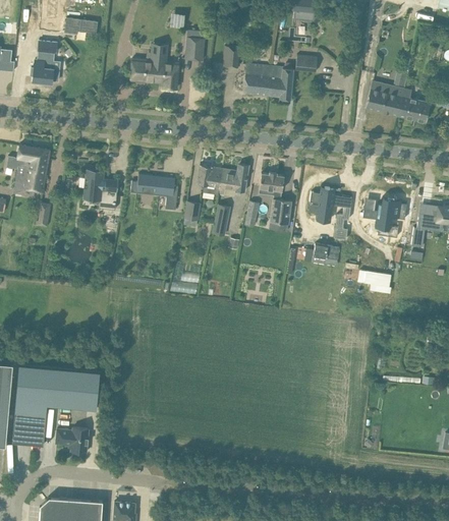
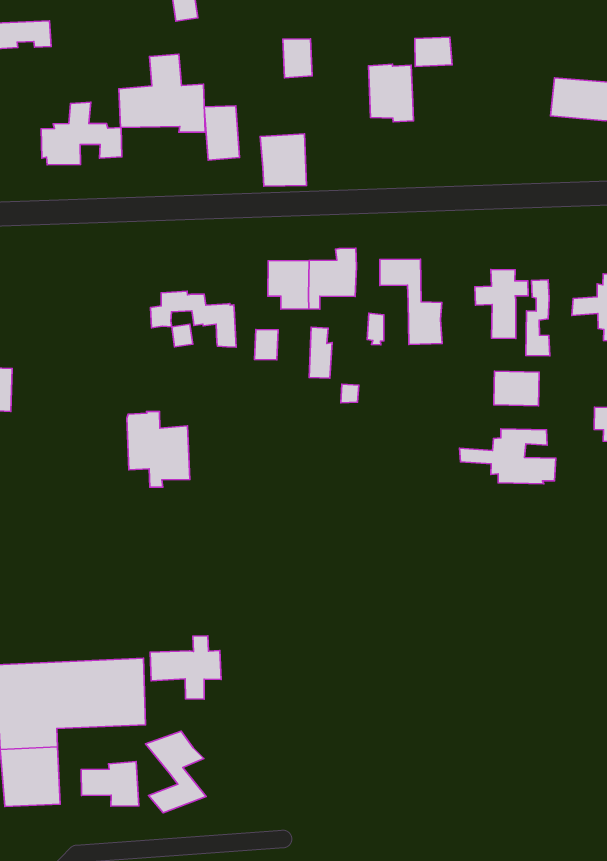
building: [185,30,205,60] -> [204,106,240,160]
building: none -> [41,102,122,165]
building: [243,64,270,95] -> [260,134,306,186]
building: [82,169,118,212] -> [127,411,190,487]
building: none -> [459,429,556,484]
building: none -> [150,636,221,699]
building: none -> [146,731,206,813]

